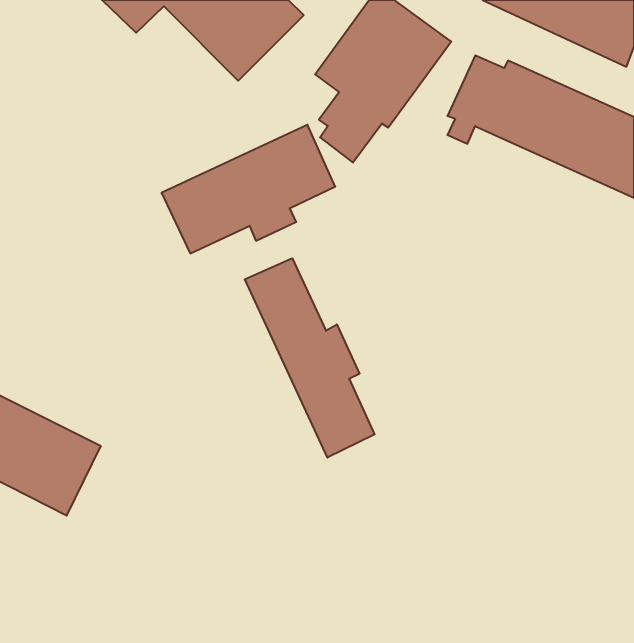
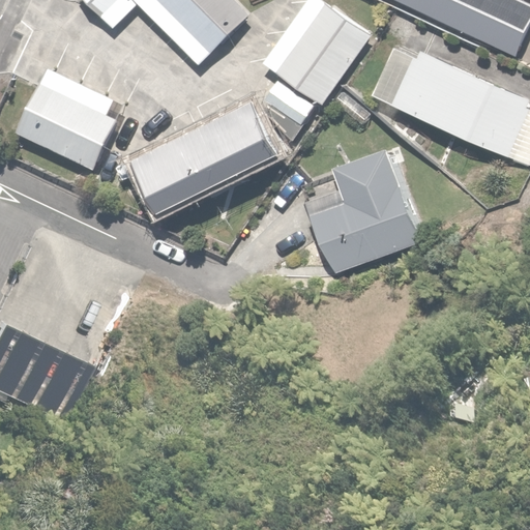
building: none -> [16,63,126,168]
building: none -> [301,148,420,269]
building: [245,258,375,458] -> none

